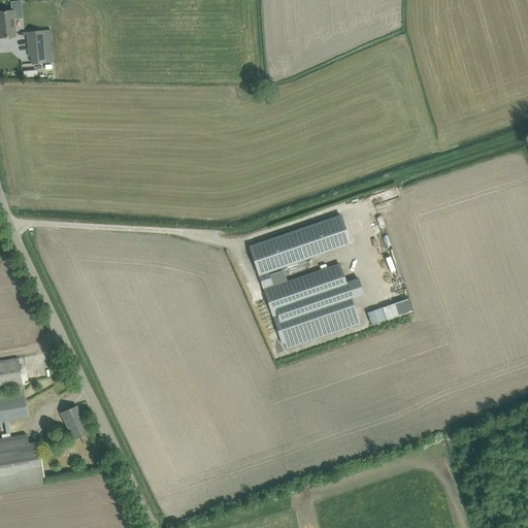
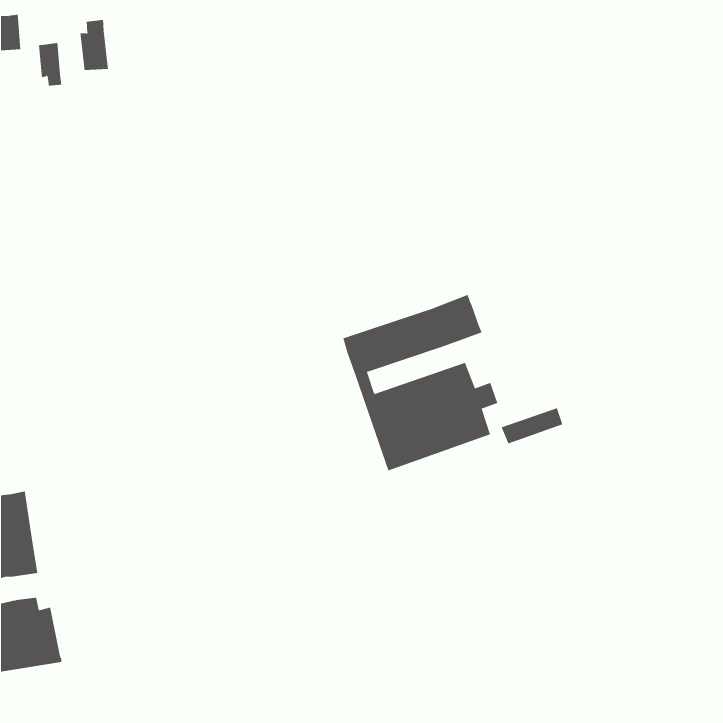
building: none -> [80,19,108,71]
building: [61,405,90,440] -> none

